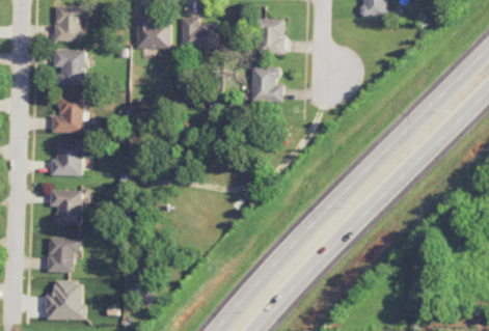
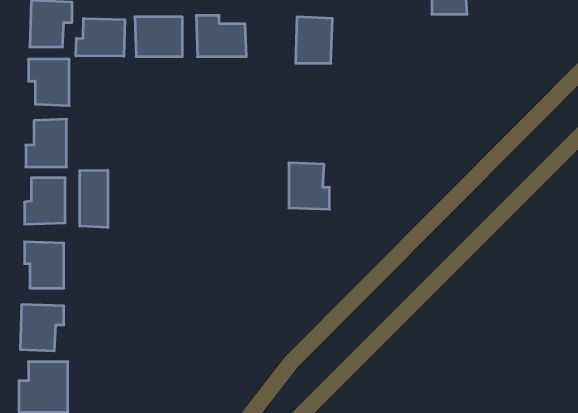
building: none -> [76,18,125,56]
building: [251,67,282,103] -> [289,163,330,209]
building: none -> [80,170,108,228]

